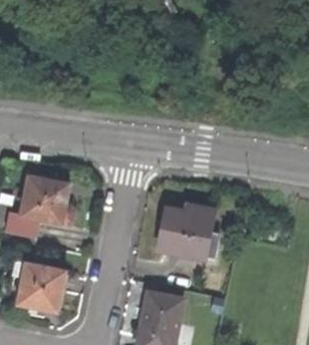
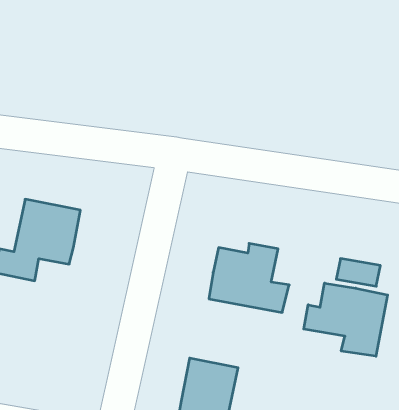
building: none -> [304,283,388,356]
building: [14,261,64,312] -> none

